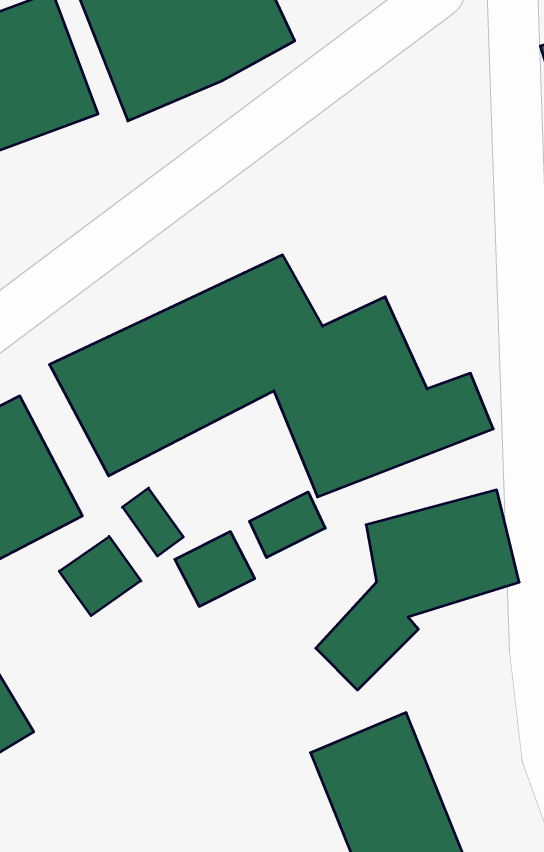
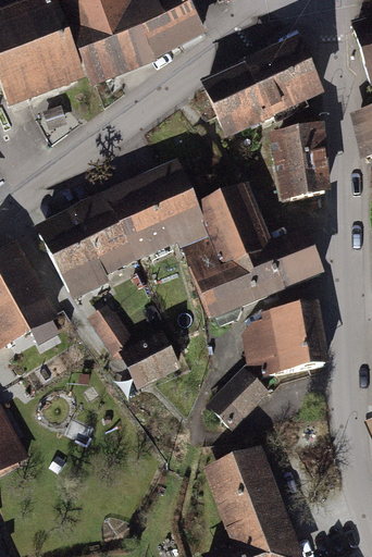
building: none -> [198,42,315,133]
building: none -> [264,124,321,200]
building: [249,492,325,558] -> none
building: [59,536,141,616] -> none

